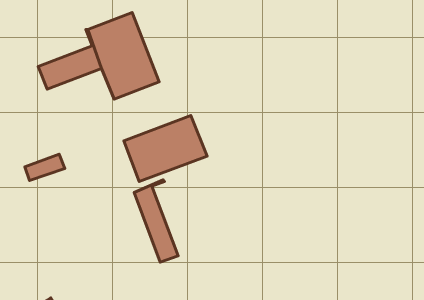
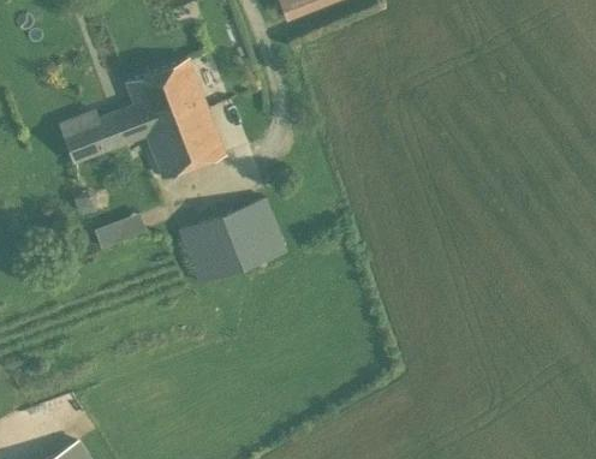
building: [25,154,65,180] -> [96,211,149,246]
building: [134,180,178,262] -> none

